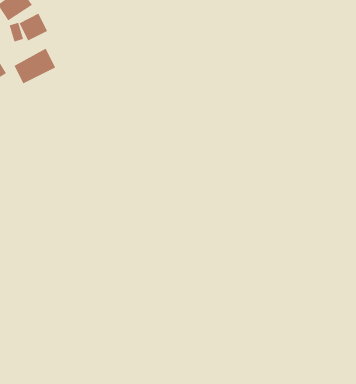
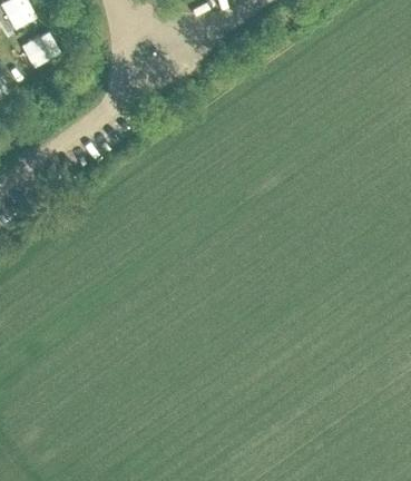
building: [14,48,56,84] -> none

